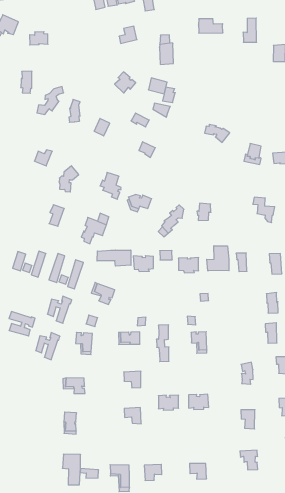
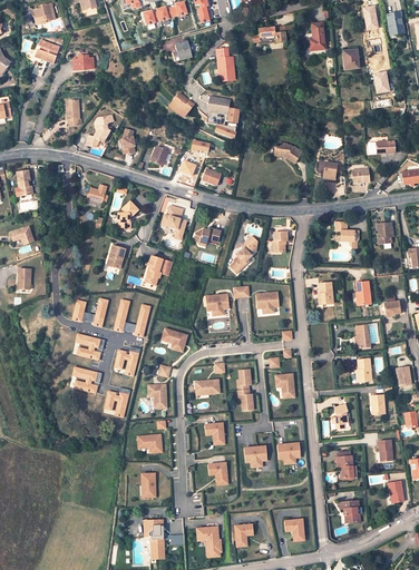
building: [207,246,229,271] -> none
building: [97,250,131,266] -> none
building: none -> [76,333,105,358]

